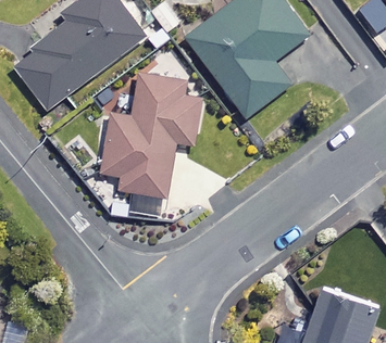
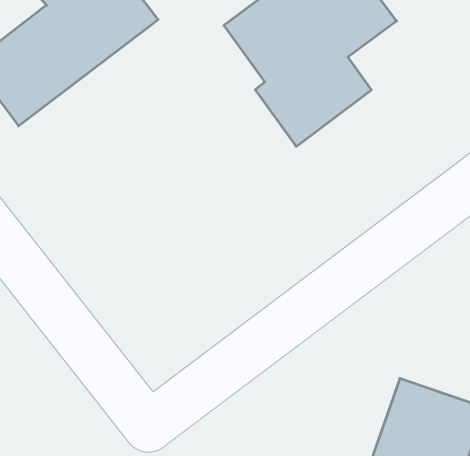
building: [102,73,210,199] -> none

